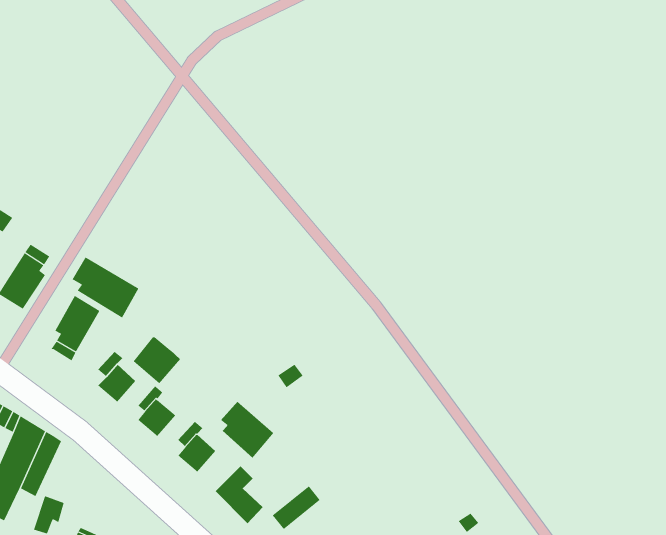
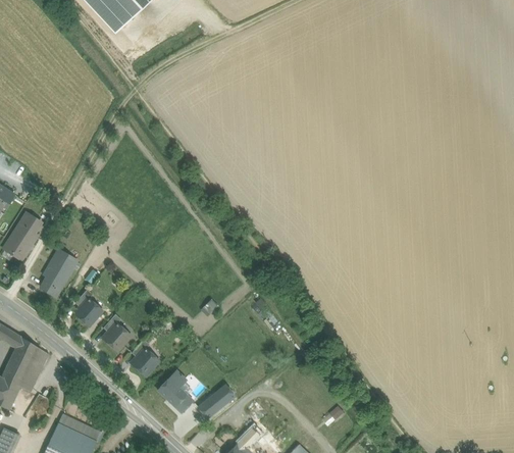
building: [72,257,139,319] -> none
building: [133,336,181,384] -> none
building: [220,401,274,459] -> none

